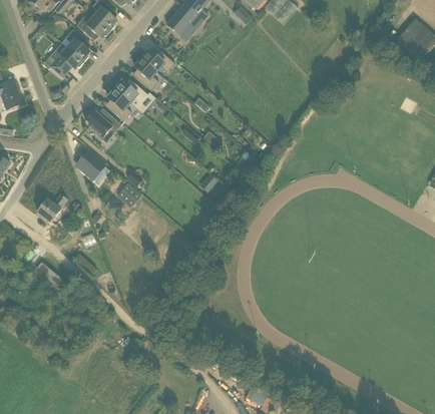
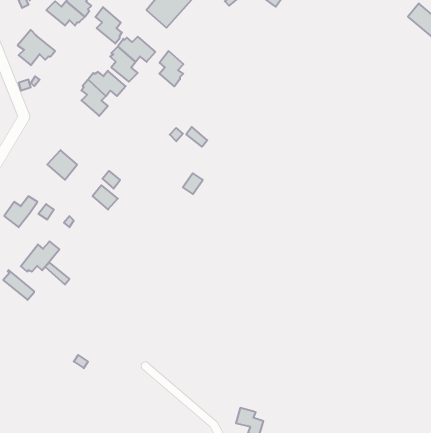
building: [65,28,89,61] -> [95,7,122,44]
building: none -> [159,51,183,86]
building: [85,110,120,137] -> none
building: none -> [21,241,59,272]

